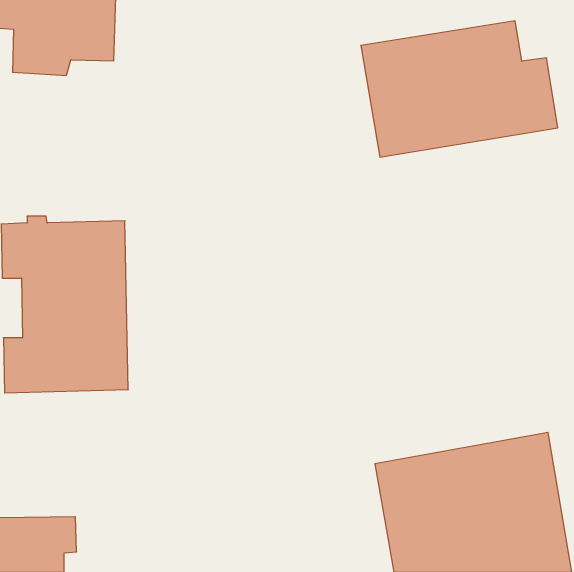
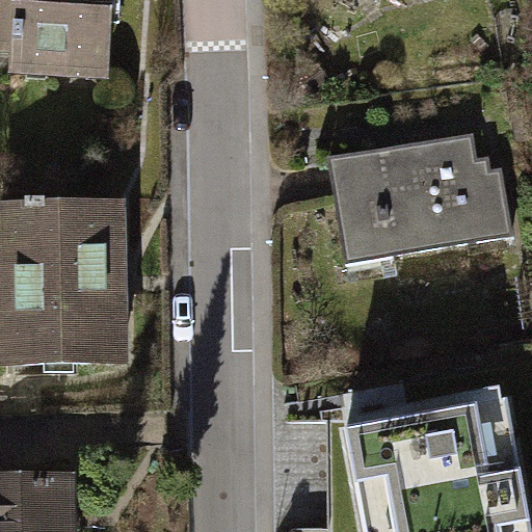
building: [361,21,558,157] -> [328,135,510,261]

